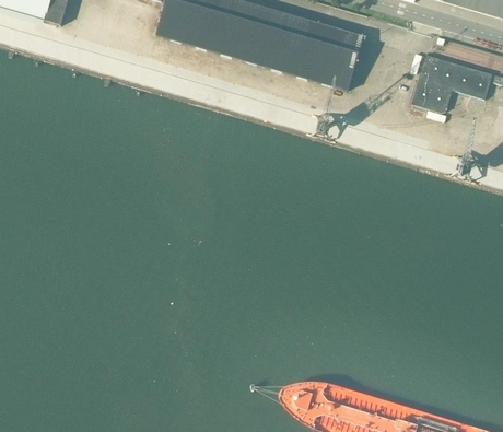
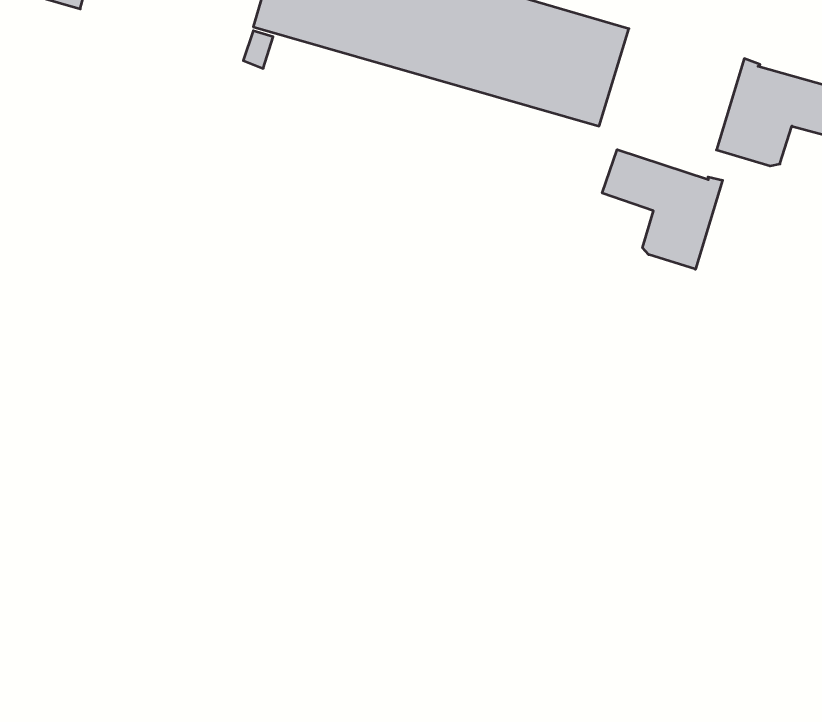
building: none -> [602,150,723,269]

